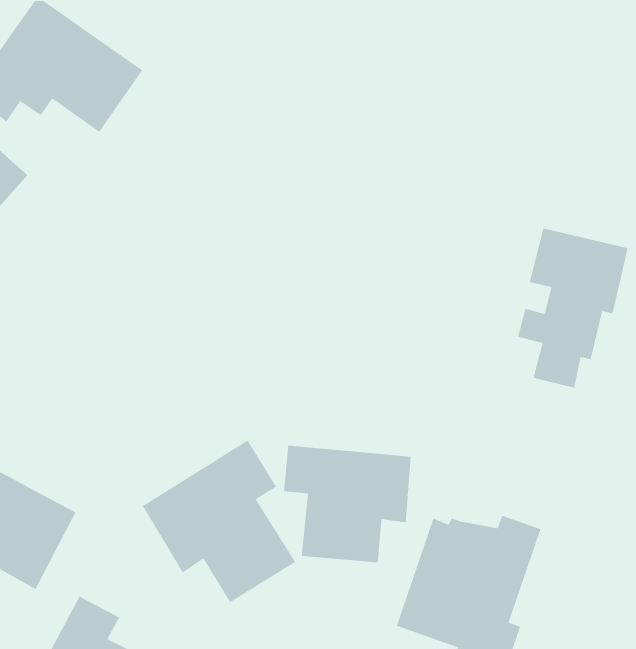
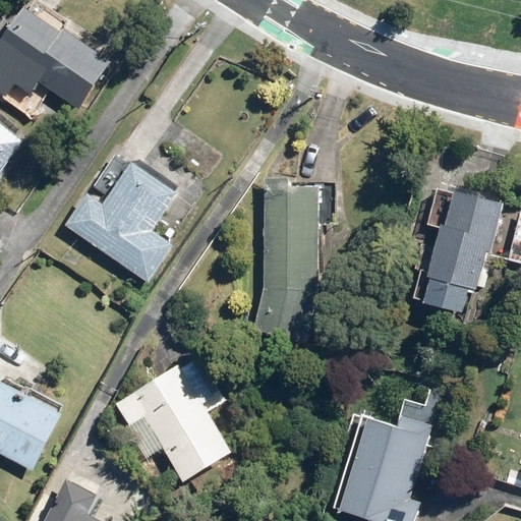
building: none -> [62,160,181,284]
building: none -> [248,182,323,341]
building: [283,445,412,563] -> none

